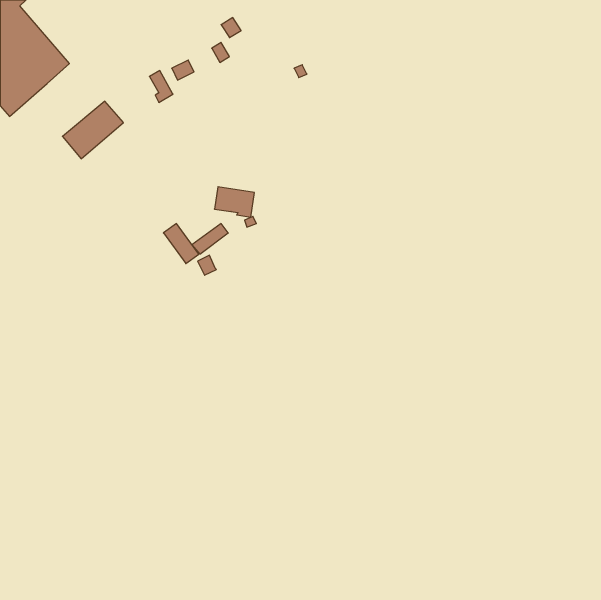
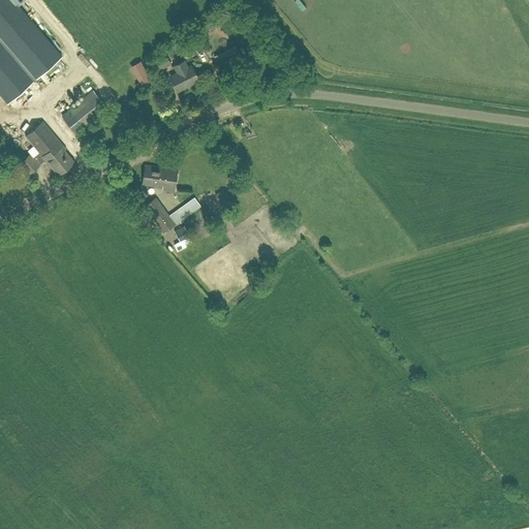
building: none -> [169,61,198,91]
building: none -> [20,122,73,176]
building: [214,187,254,217] -> [142,165,177,192]

